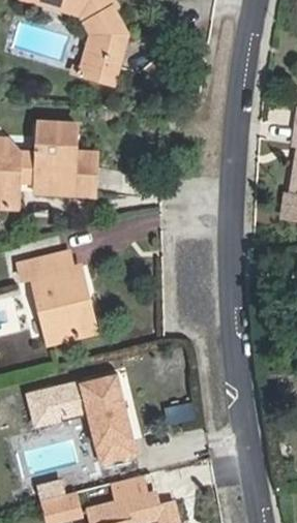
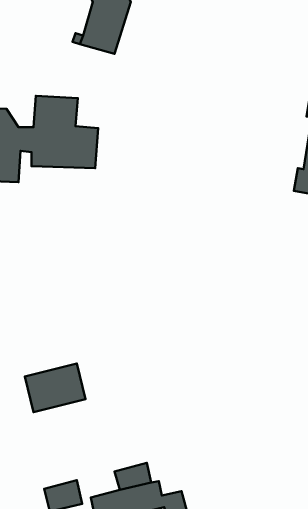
building: [17,252,96,345] -> none
building: [80,373,136,464] -> none

